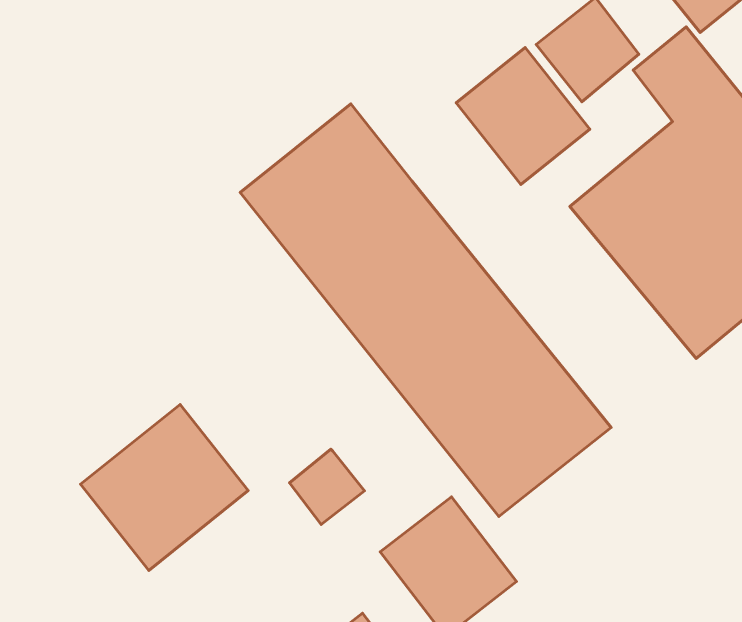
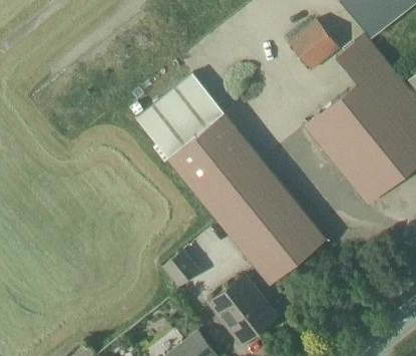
building: [456,48,590,184] -> none
building: [81,404,248,570] -> none

